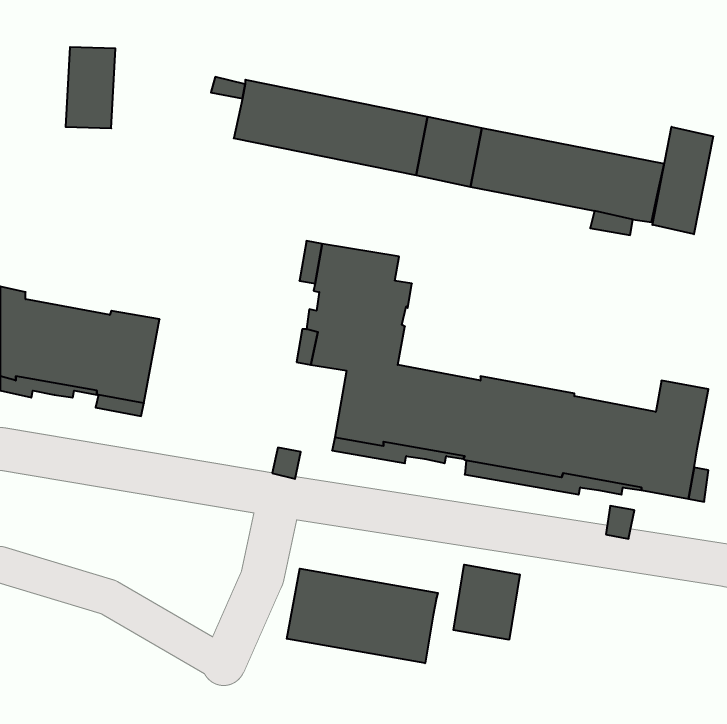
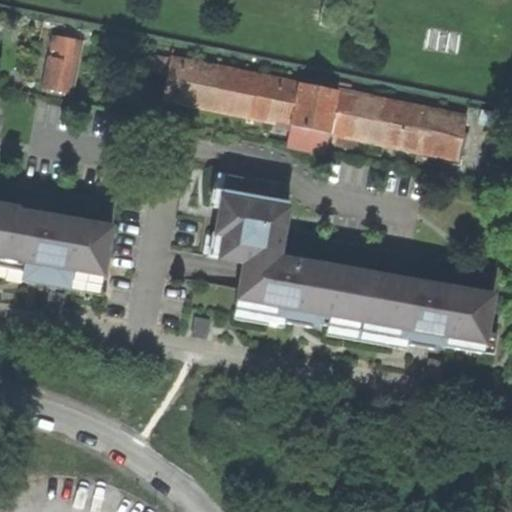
building: [652,127,713,234] -> none
building: none -> [288,123,331,153]
building: [453,565,520,640] -> none
building: [287,569,438,663] -> none

